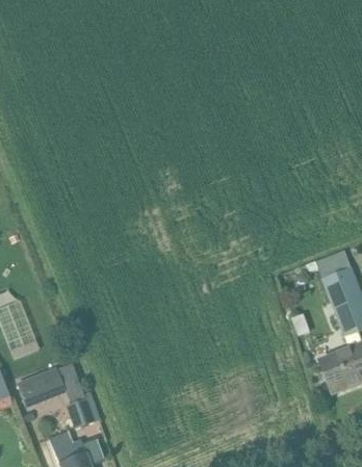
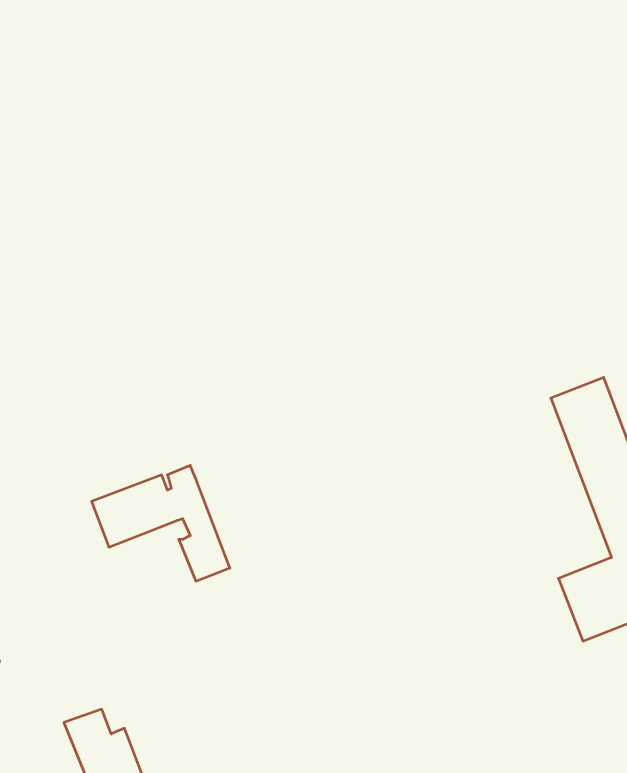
building: [18,362,94,425] -> [92,465,230,581]

